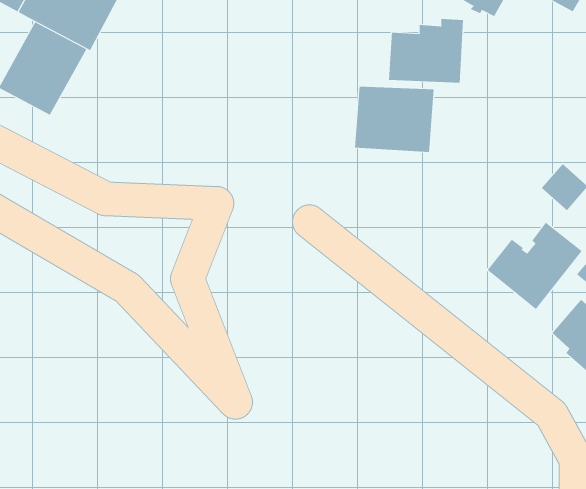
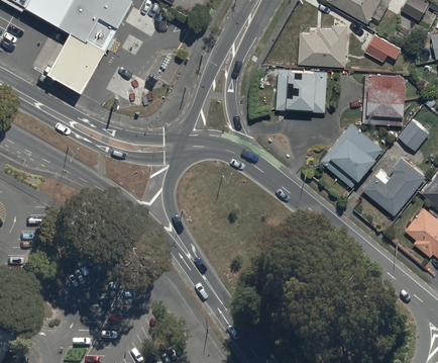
building: none -> [365,34,401,62]
building: none -> [362,74,406,125]
building: none -> [321,122,384,186]

